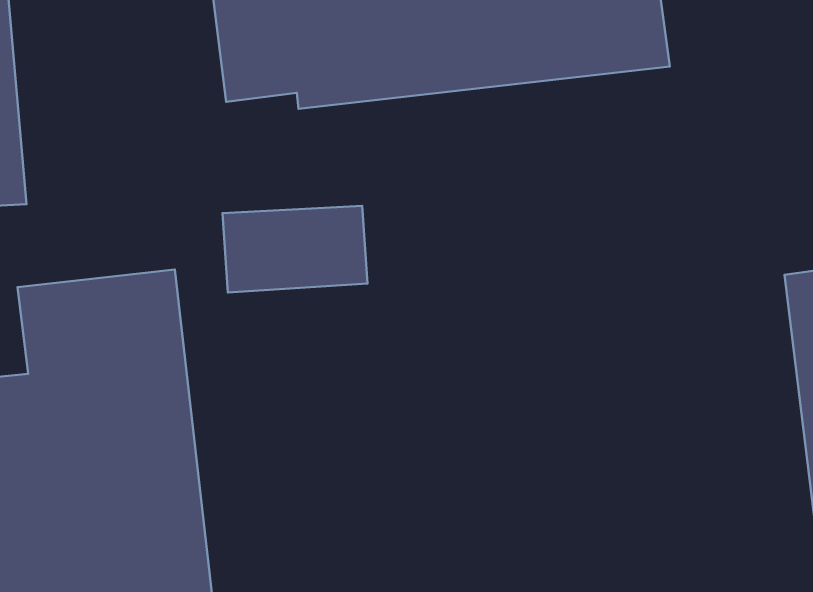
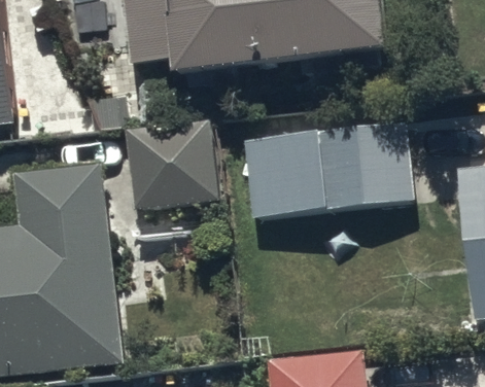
building: none -> [246,121,415,217]

